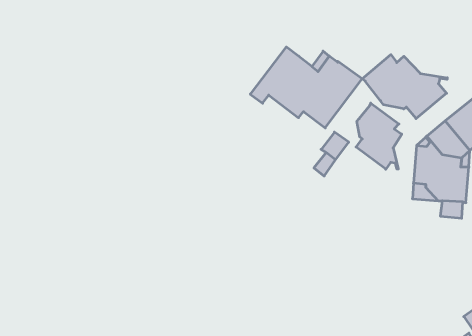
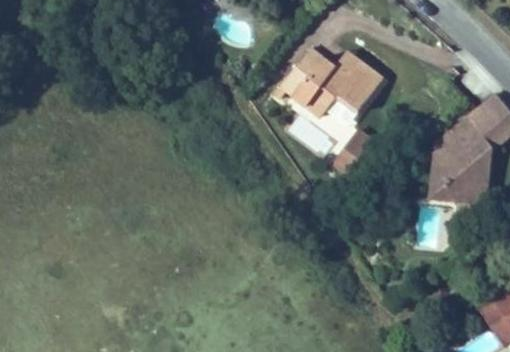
building: [362,55,447,119] -> none
building: [356,103,402,169] -> none

